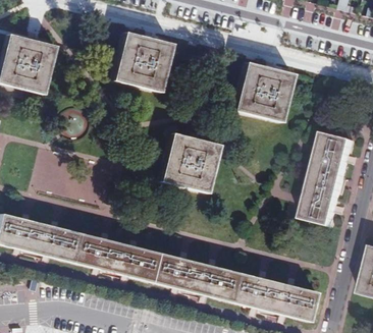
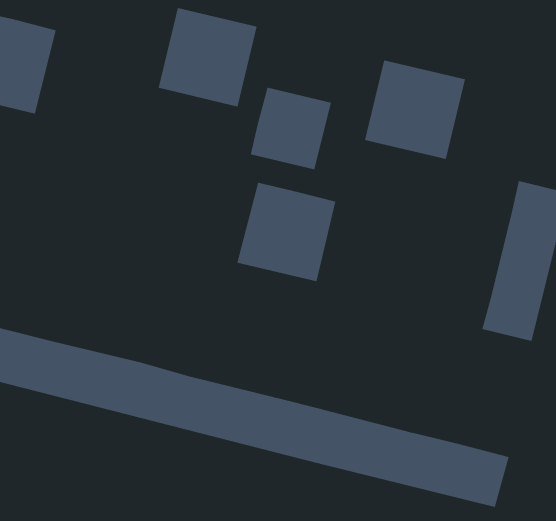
building: none -> [250,87,332,170]

